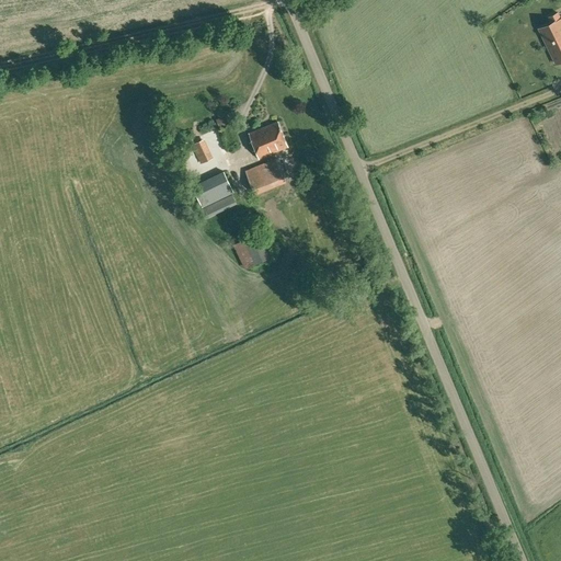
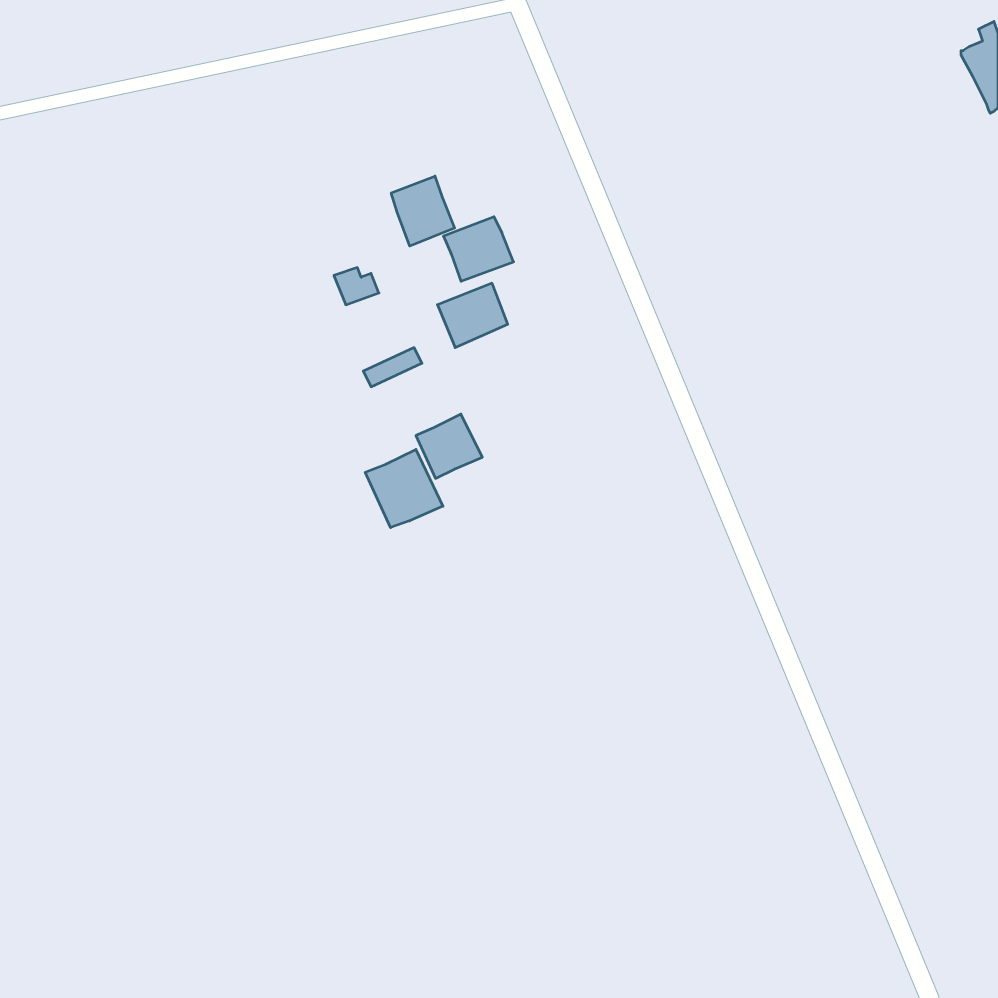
building: none -> [391,176,455,246]
building: [199,172,233,204] -> none
building: none -> [365,449,443,528]

